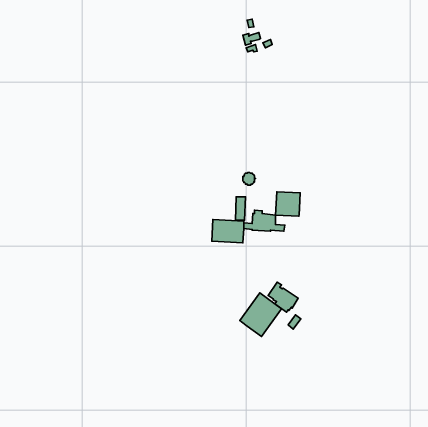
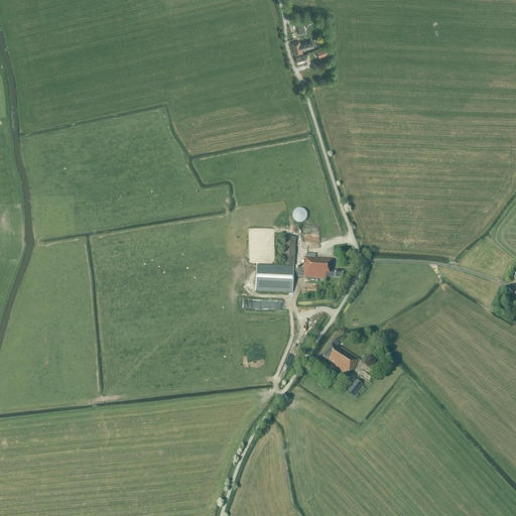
building: [276,192,300,216] -> none
building: [240,293,281,336] -> none

